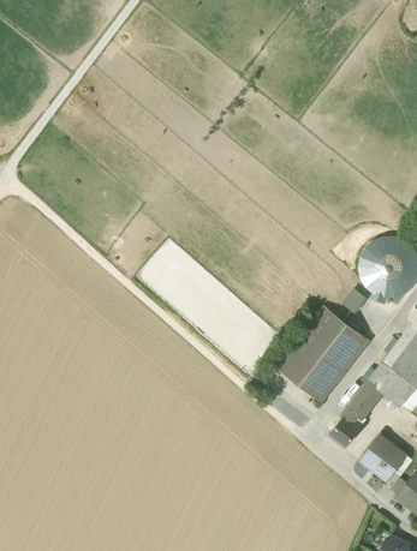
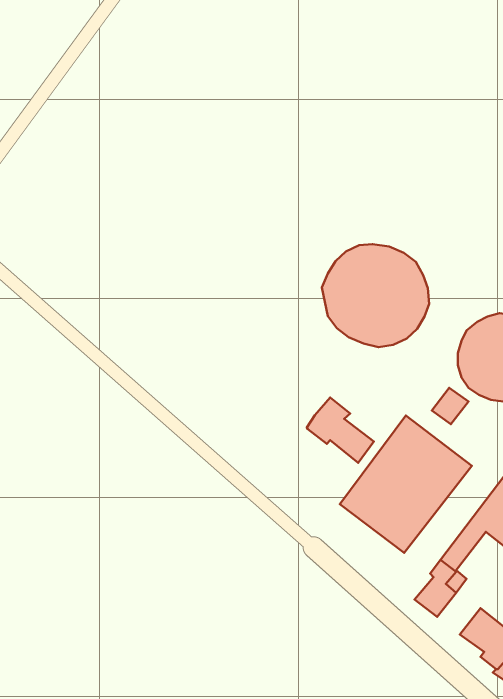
building: none -> [322,244,429,347]
building: none -> [307,397,374,463]

